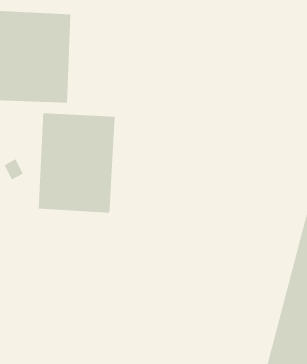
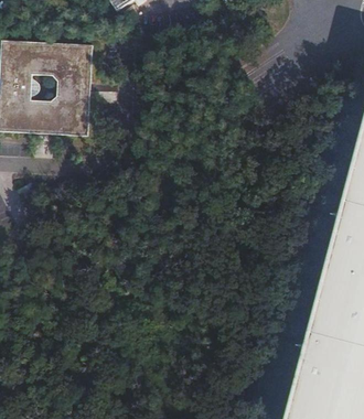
building: [38,113,115,214] -> none

